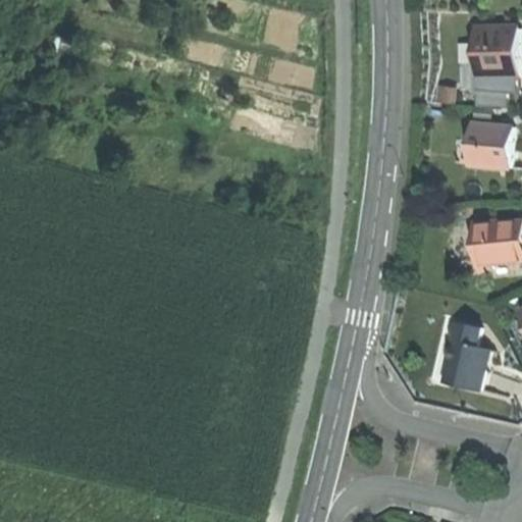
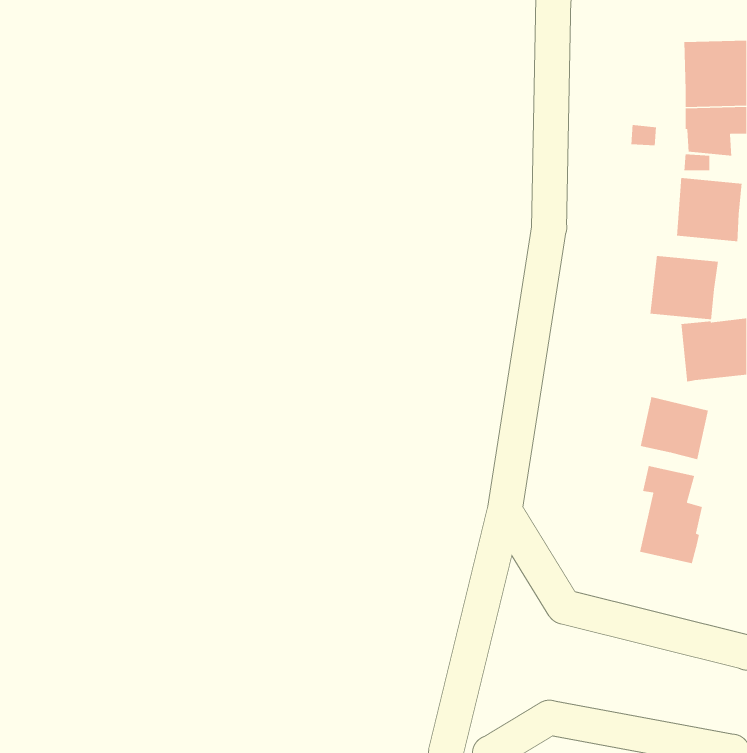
building: none -> [650,255,719,320]
building: none -> [640,396,709,460]

